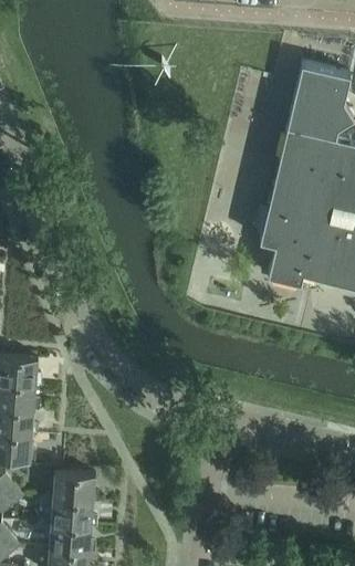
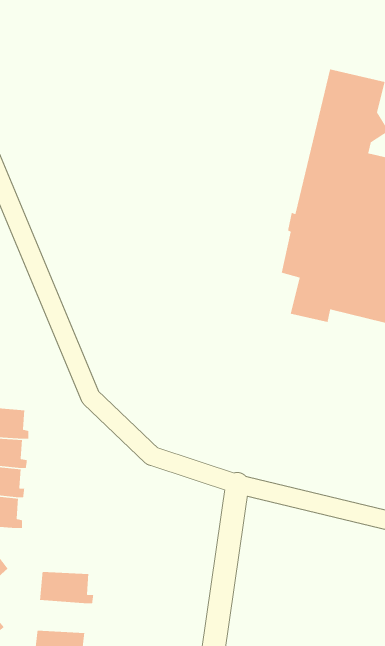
building: [53,474,100,503] -> none
building: [49,525,96,554] -> none

